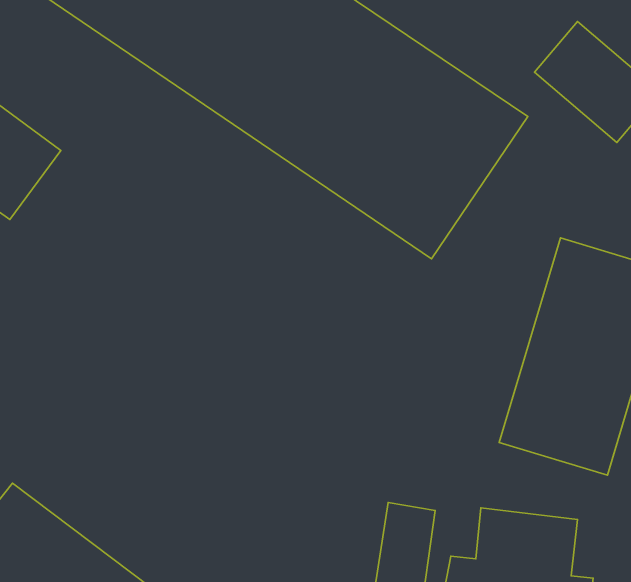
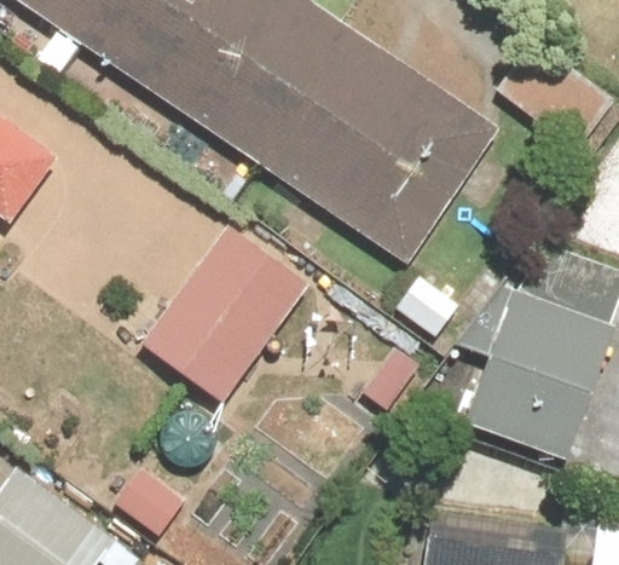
building: none -> [144,226,307,407]

